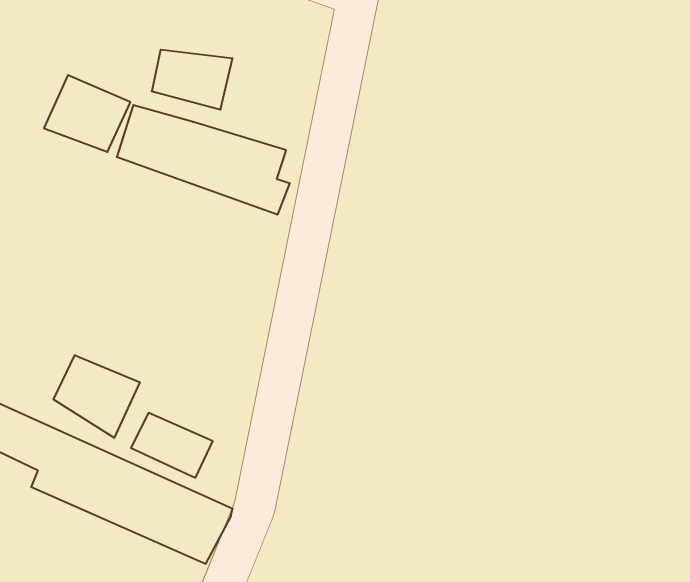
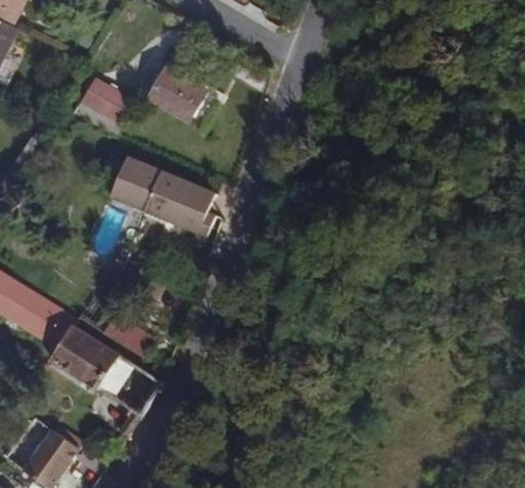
building: [117,105,290,215] -> [105,150,218,238]
building: [54,355,140,438] -> none

